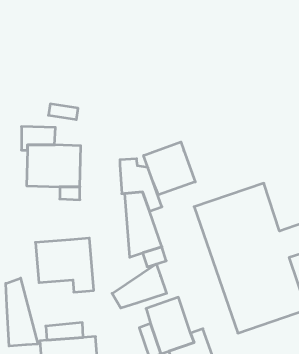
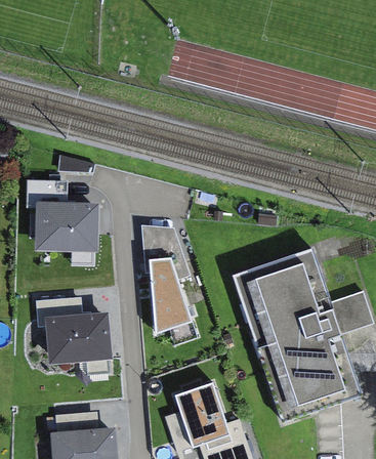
building: [144,142,195,195] -> none
building: none -> [37,297,84,327]
building: [112,264,167,308] -> none
building: [6,278,38,346] -> none

